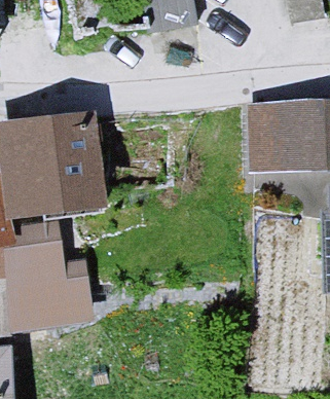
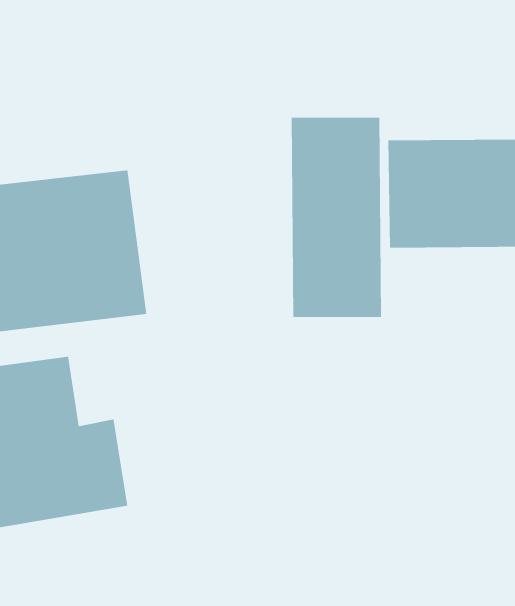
building: none -> [291,117,381,318]

